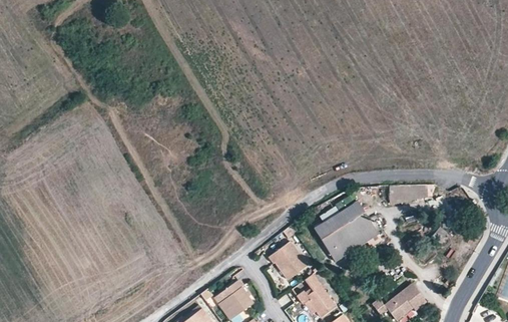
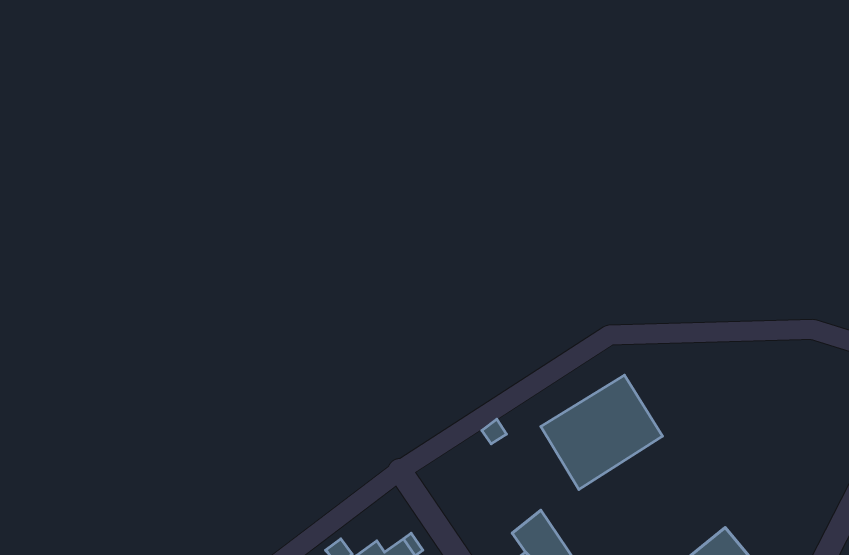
building: [389,186,427,206] -> none
building: [268,241,308,280] -> none

